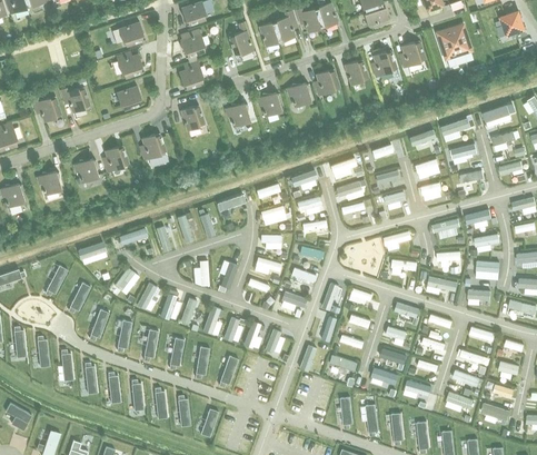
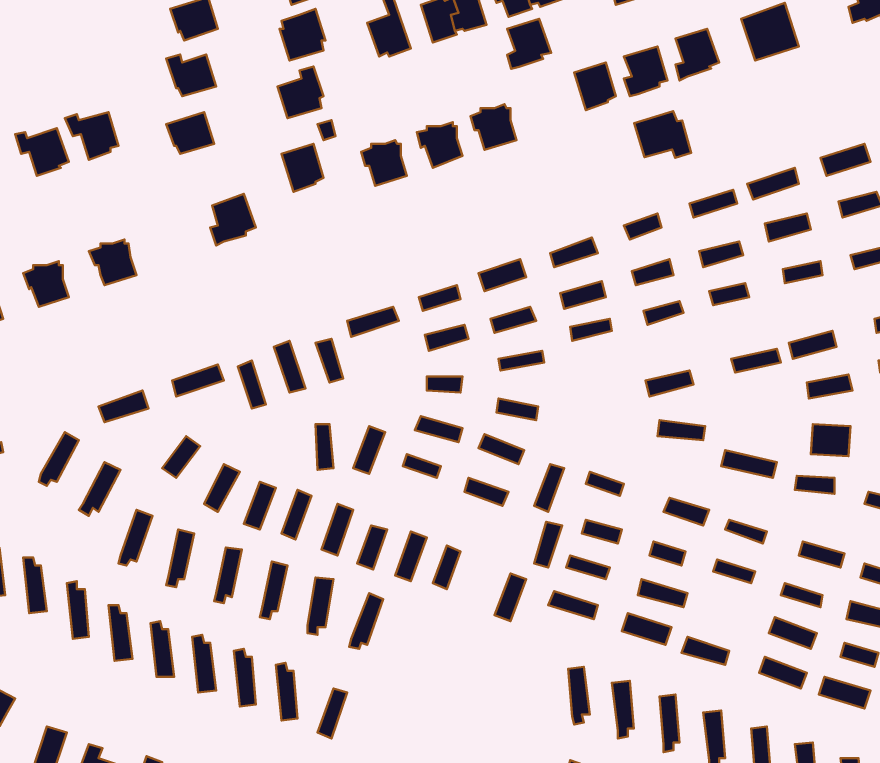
building: [315,69,339,97] -> [507,19,551,69]
building: none -> [634,111,691,158]
building: [105,145,128,174] -> none

